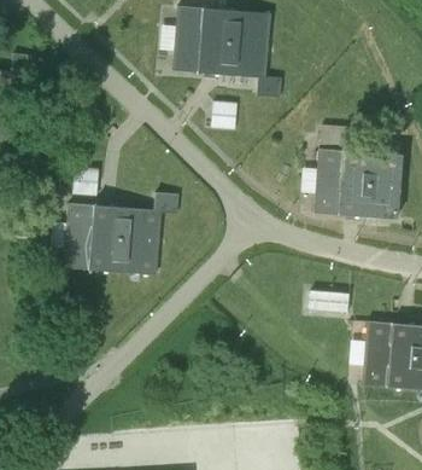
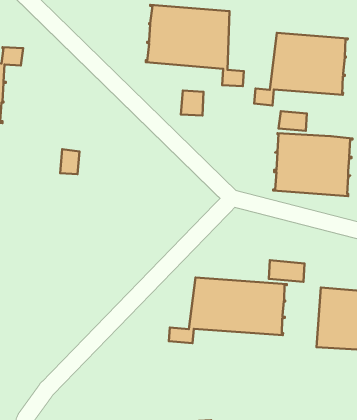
building: none -> [254,33,348,106]
building: [64,191,178,274] -> none
building: none -> [169,277,287,343]

